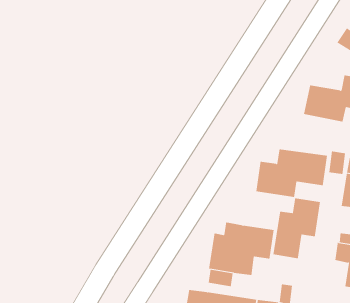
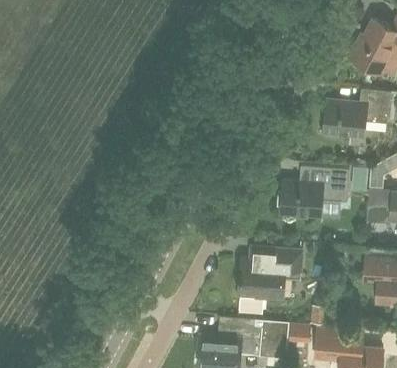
building: [273,198,320,259] -> none

